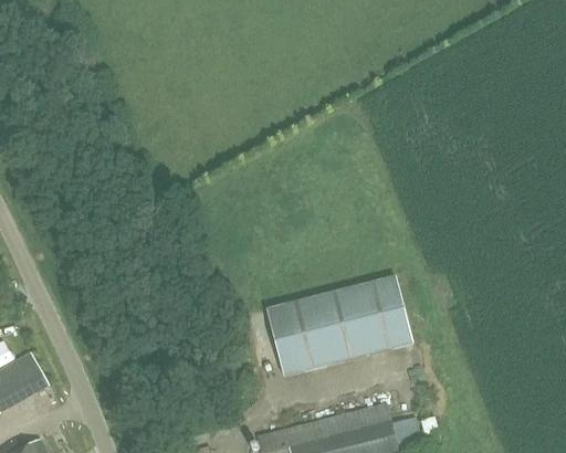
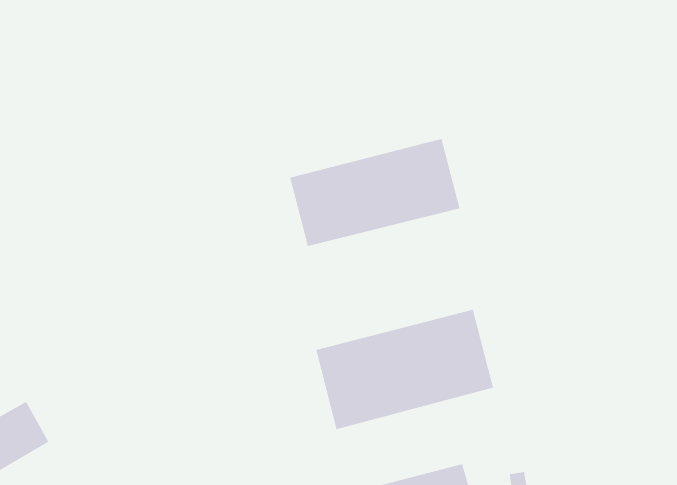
building: none -> [290,138,460,247]

